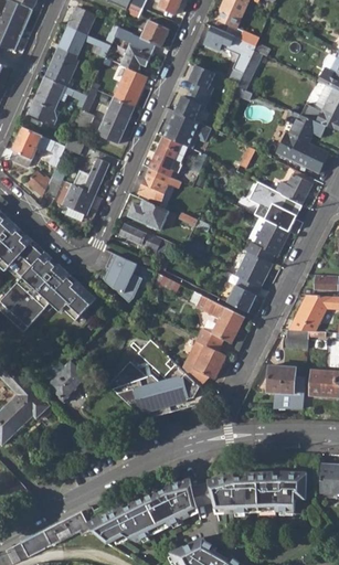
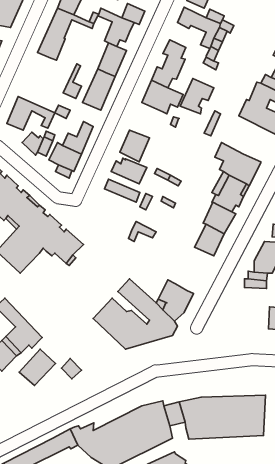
building: [28,77,75,126] -> none
building: [150,135,189,175] -> [180,78,214,114]
building: [282,172,311,203] -> none
building: [103,252,142,301] -> none
building: [194,294,244,351] -> none
building: [47,359,89,401] -> [19,349,56,386]
building: [268,366,305,411] -> none

